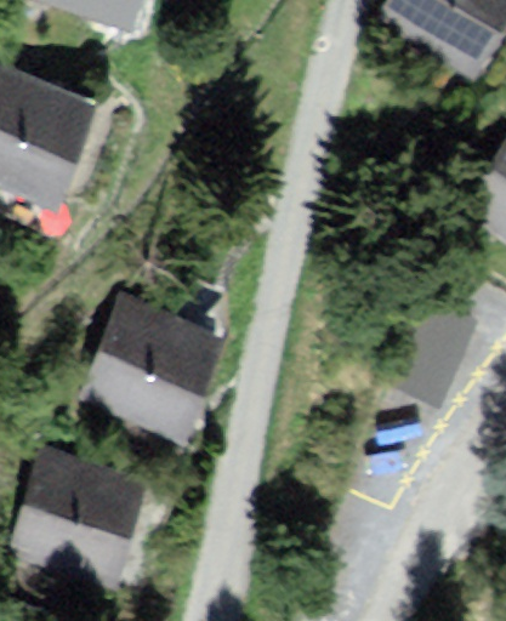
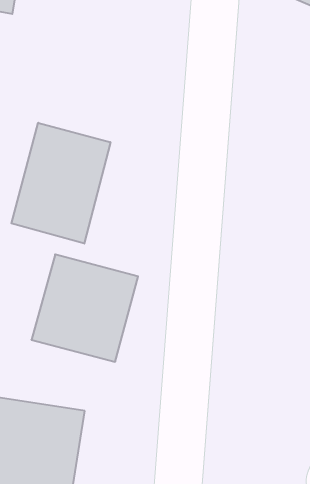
building: none -> [11,123,110,244]

